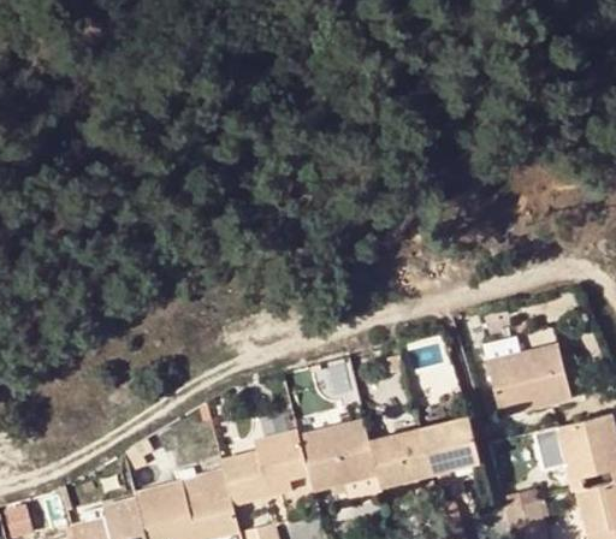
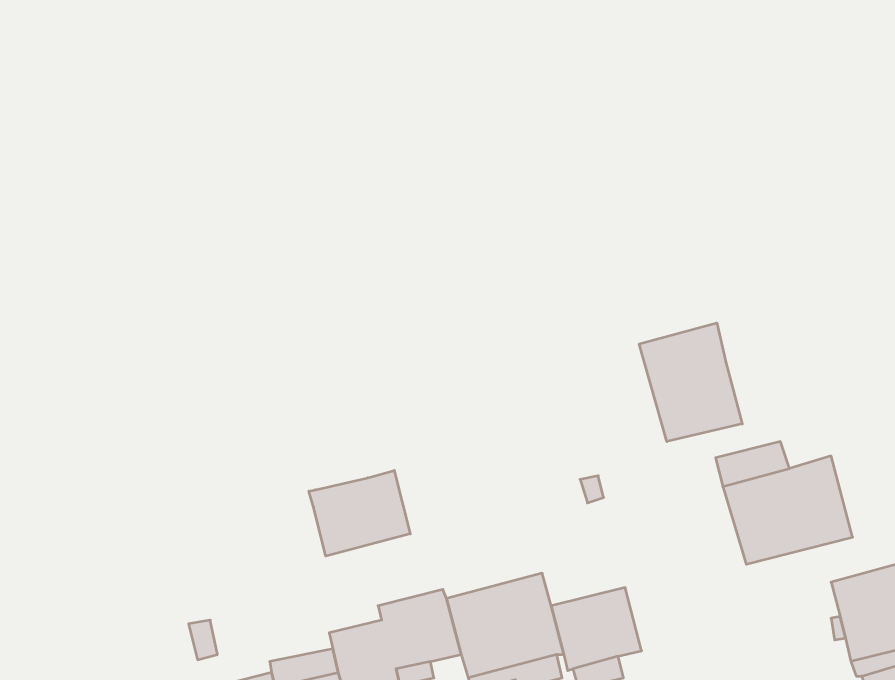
building: none -> [639,323,742,442]
building: none -> [309,470,410,556]
building: [419,417,479,473] -> none

